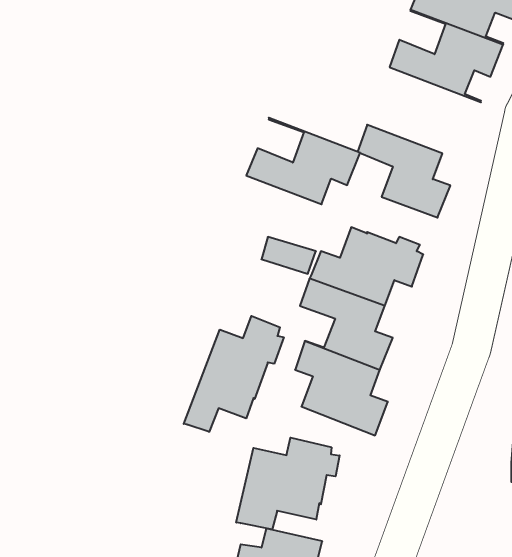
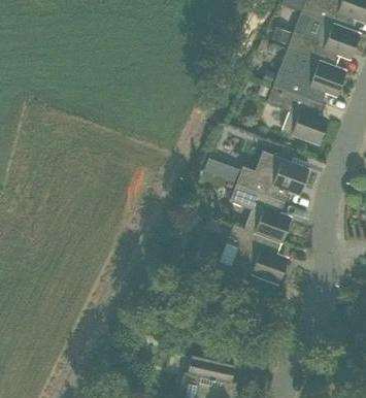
building: [246,118,360,204] -> [272,48,345,104]
building: [184,316,284,432] -> none
building: [236,438,340,530] -> none

